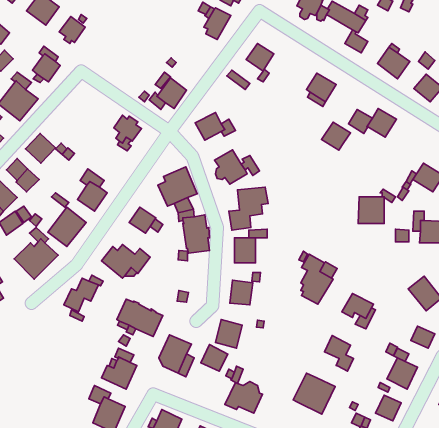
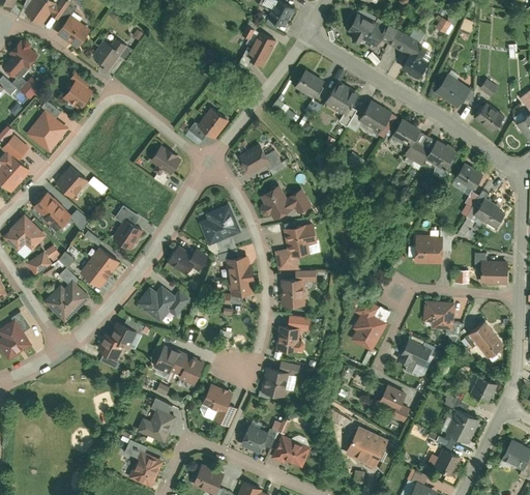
building: none -> [324,81,359,115]
building: [322,122,350,150] -> [389,119,420,149]
building: none -> [453,161,483,191]
building: none -> [422,300,455,331]
building: [201,344,228,371] -> [239,427,268,456]

